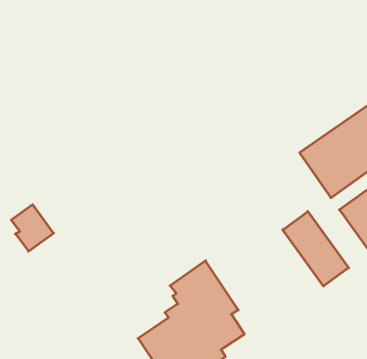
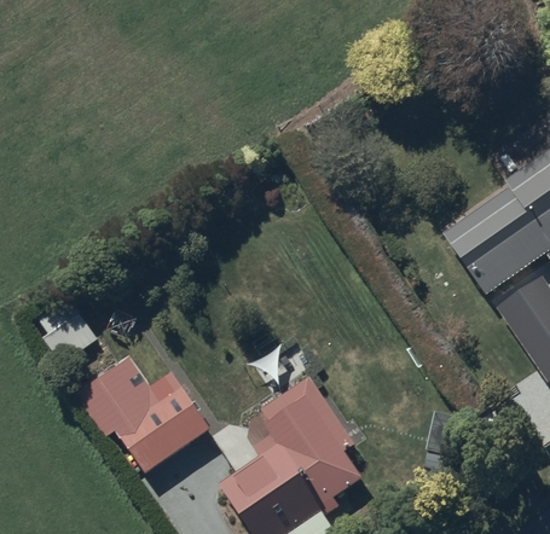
building: [283,211,349,286] -> none
building: none -> [75,358,212,478]

